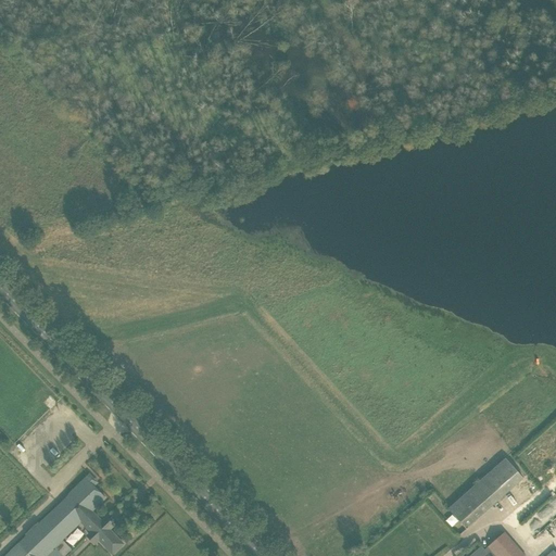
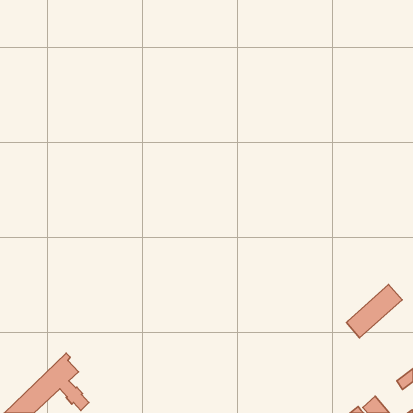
building: [448,458,523,530] -> [346,284,402,338]

